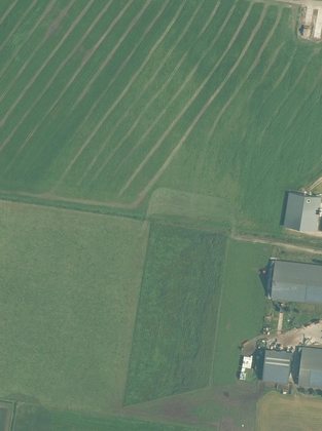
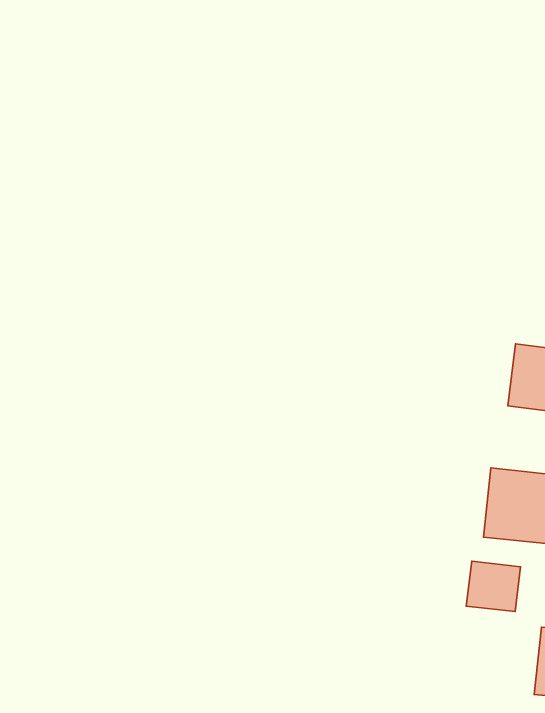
building: [262,350,292,378] -> [466,561,521,612]

